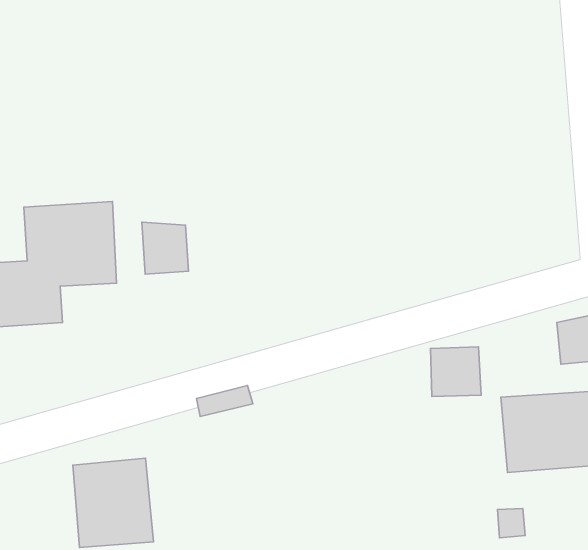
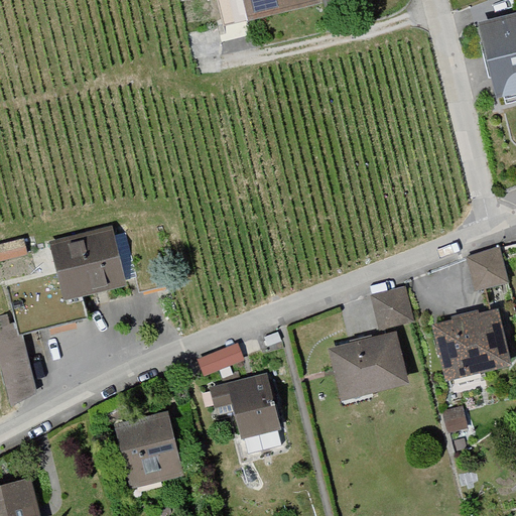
building: [142,222,189,274] -> none
building: none -> [328,332,410,399]
building: none -> [210,372,280,438]

